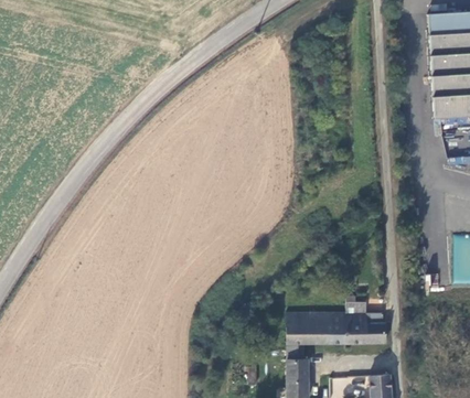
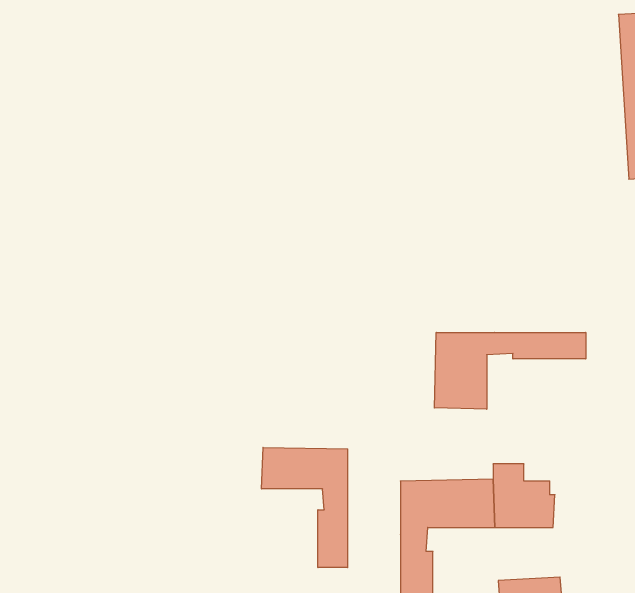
building: none -> [434,332,586,409]
building: none -> [262,447,348,568]

